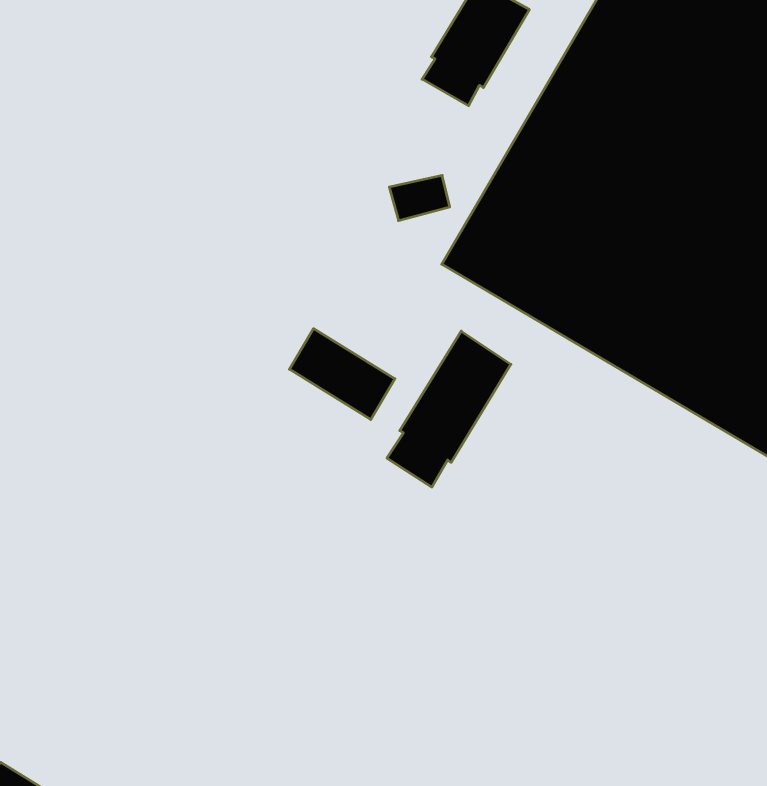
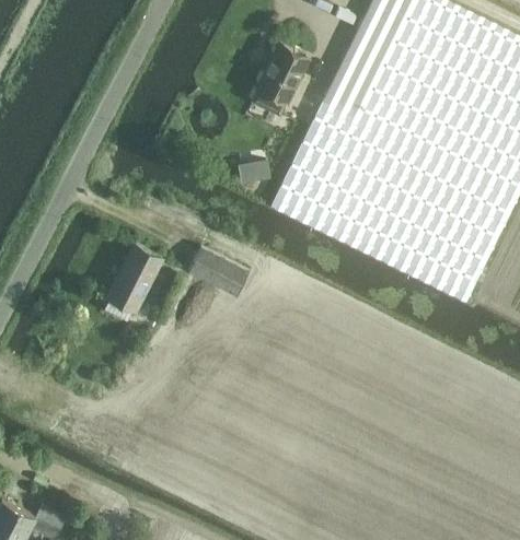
building: none -> [107,247,163,313]
building: [387,331,511,487] -> none

